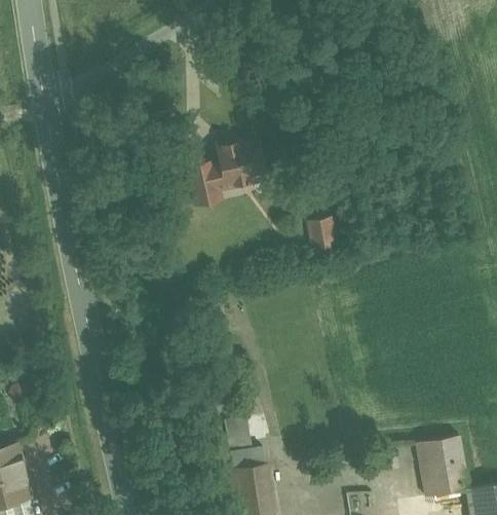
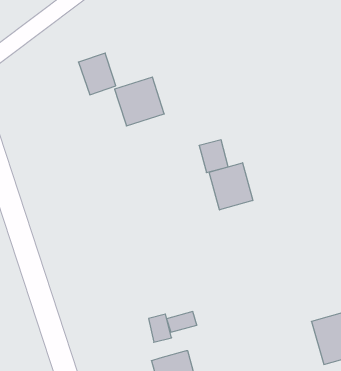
building: [185,159,226,207] -> [78,53,116,95]
building: none -> [209,163,253,210]
building: [230,447,265,469] -> [167,312,197,332]

